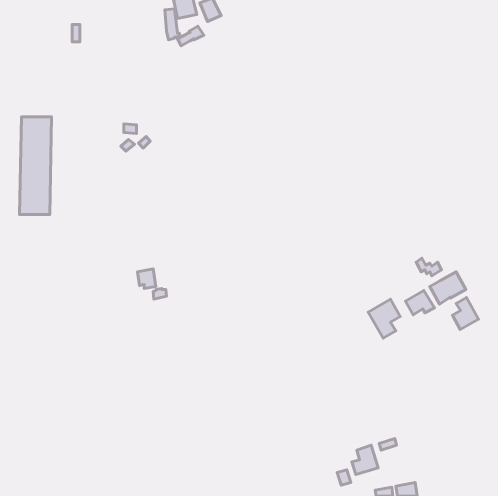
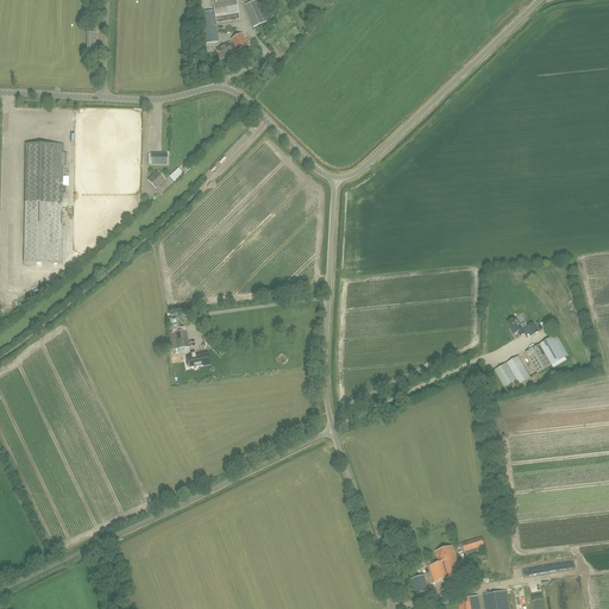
building: [453,298,478,329] -> none
building: [368,299,400,338] -> none

